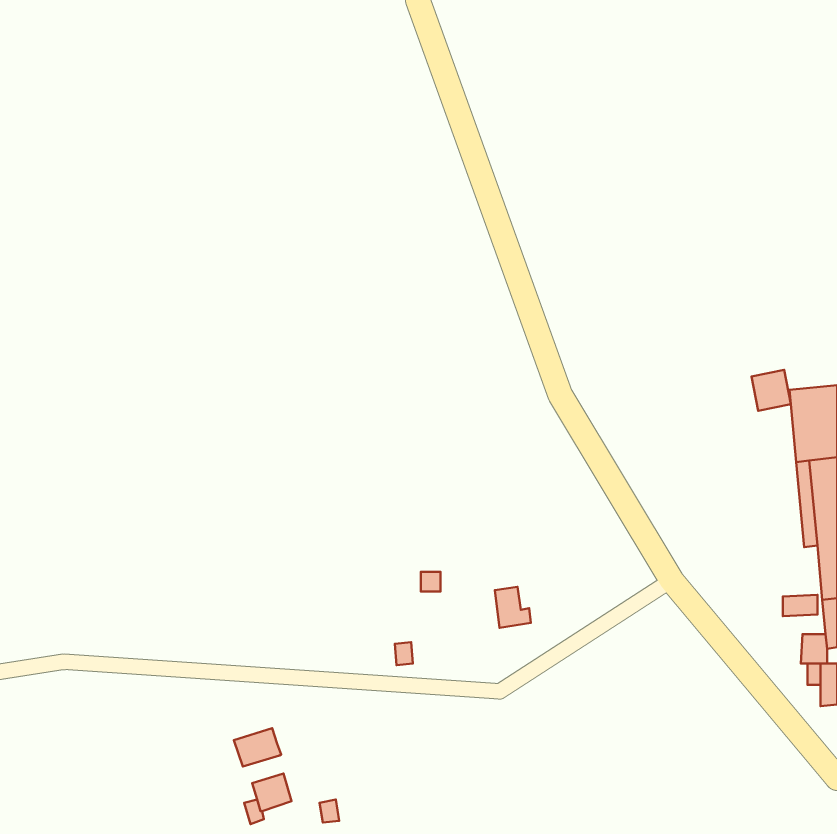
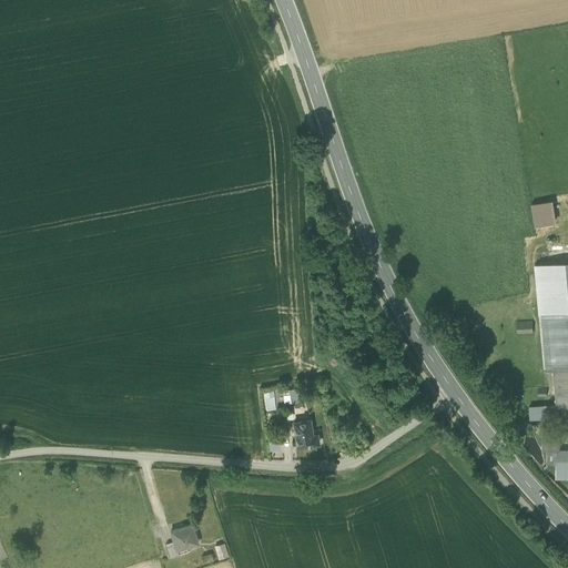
building: [751,370,791,411] -> [532,200,559,227]
building: [495,587,531,628] -> [294,422,318,449]
building: [234,728,281,766] -> none

